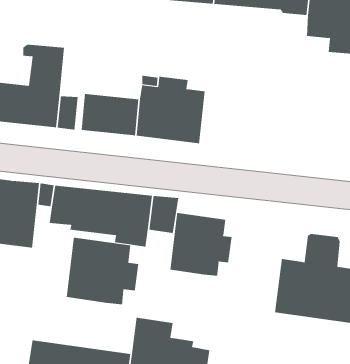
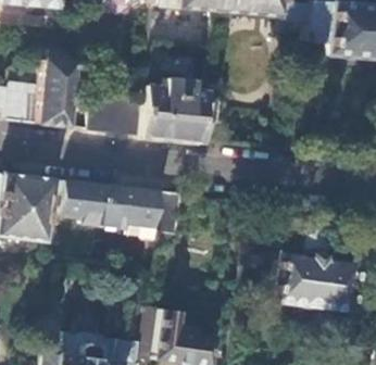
building: [170,212,232,277] -> none
building: [66,237,139,305] -> none

